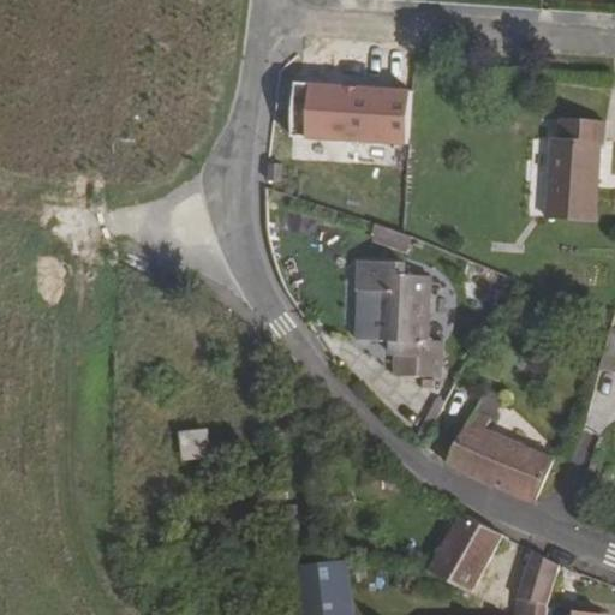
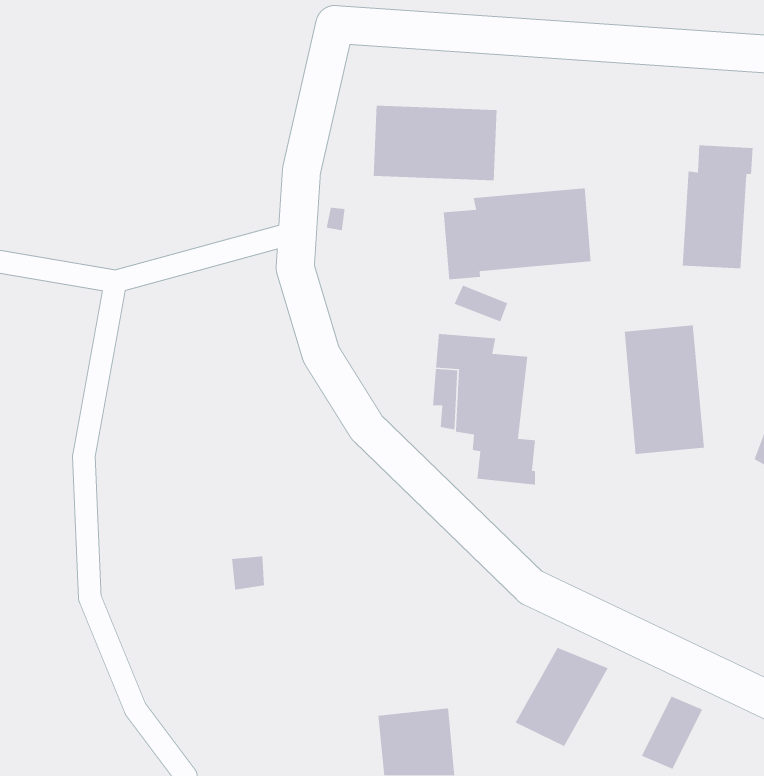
building: none -> [443,187,592,280]
building: none -> [624,324,705,455]
building: [444,407,551,503] -> none

